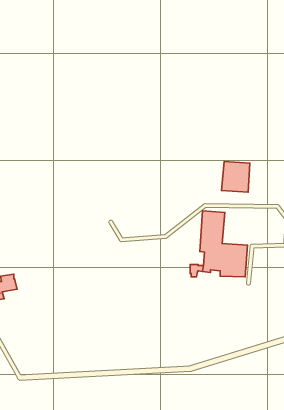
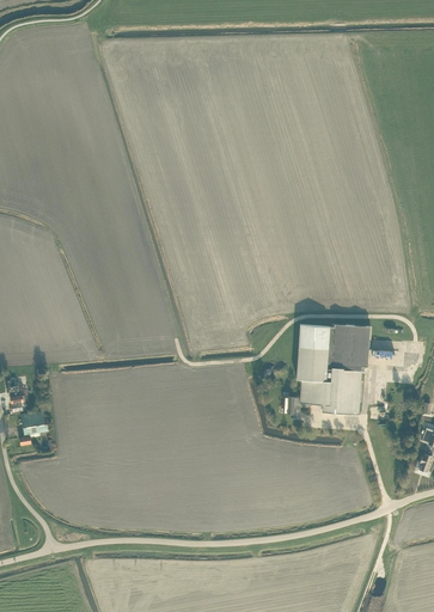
building: [222,161,250,192] -> [331,324,369,366]

